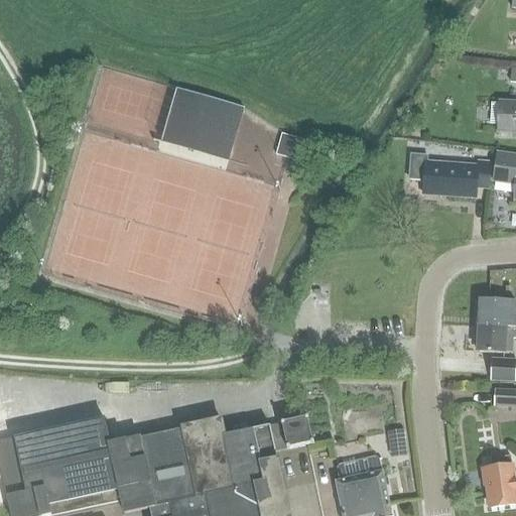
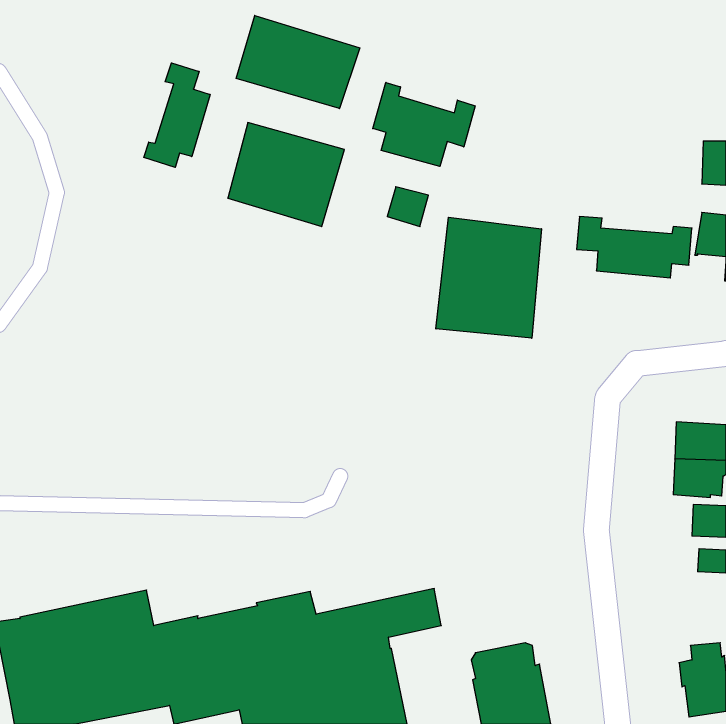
building: none -> [236,15,360,109]
building: none -> [144,63,210,167]
building: none -> [373,82,475,166]
building: none -> [436,217,541,338]

